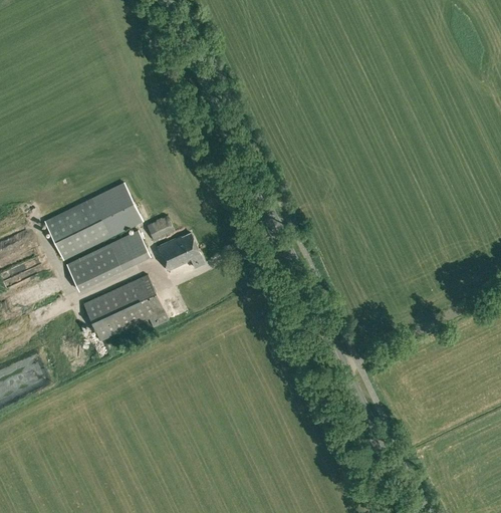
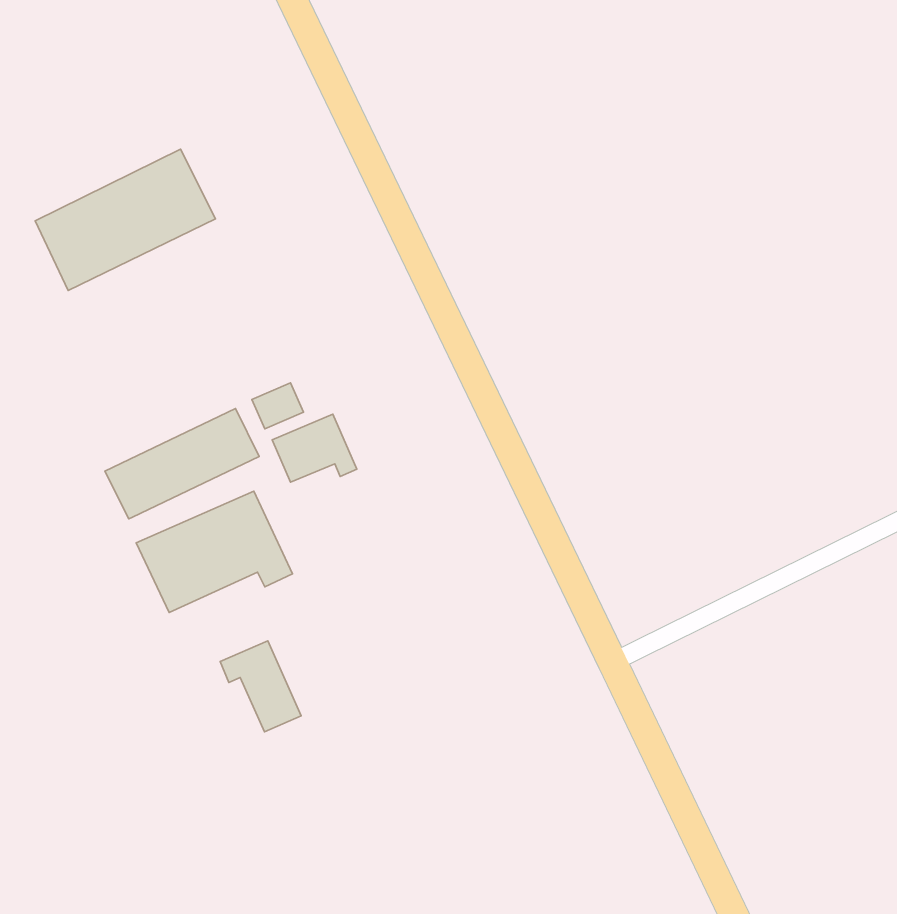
building: [44,183,143,260] -> [35,149,215,291]
building: none -> [220,641,301,732]

